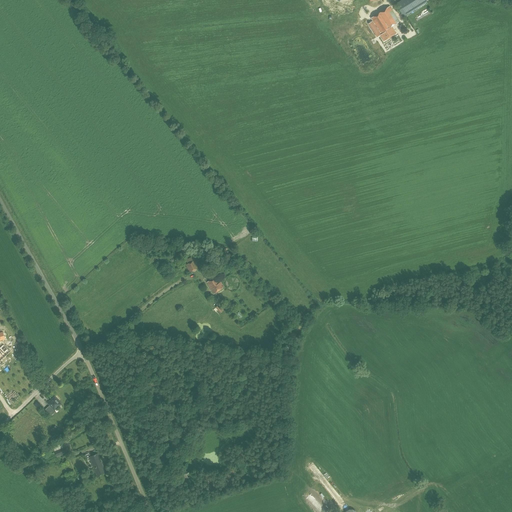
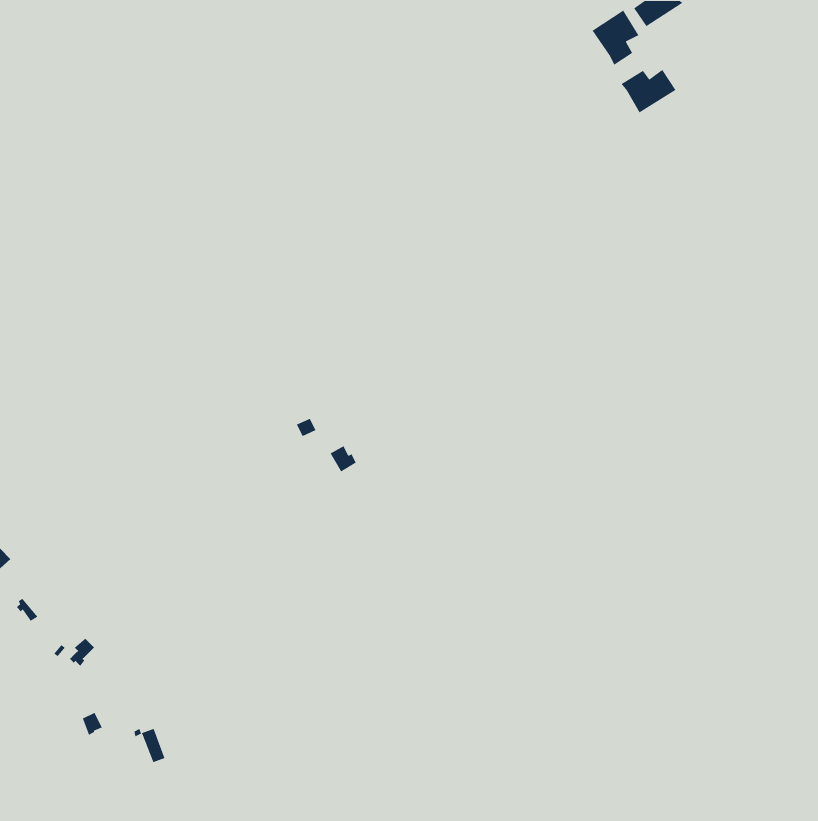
building: none -> [620,69,677,113]

